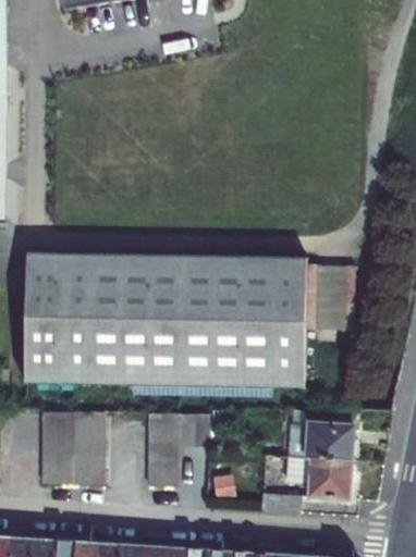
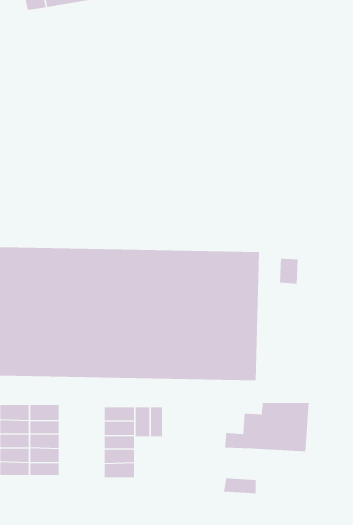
building: [295,457,352,495] -> none

